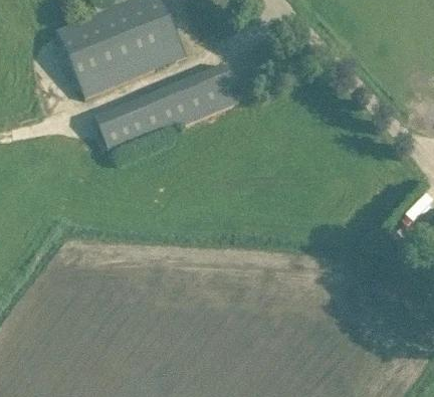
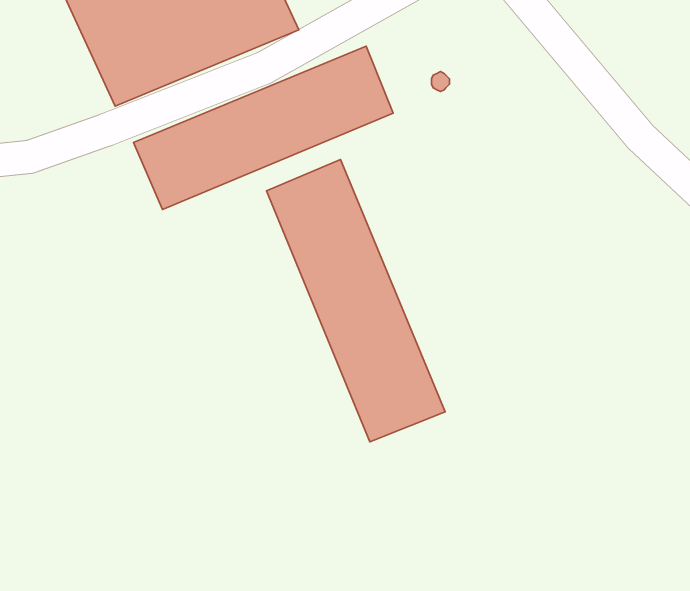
building: none -> [267,159,445,442]

